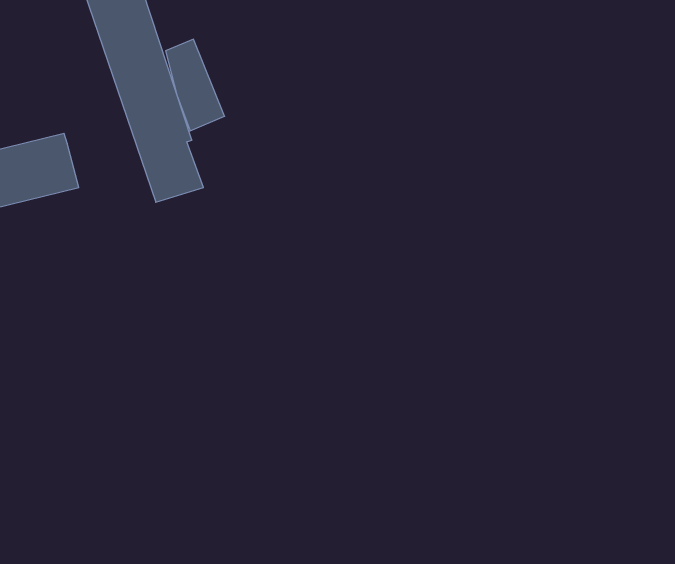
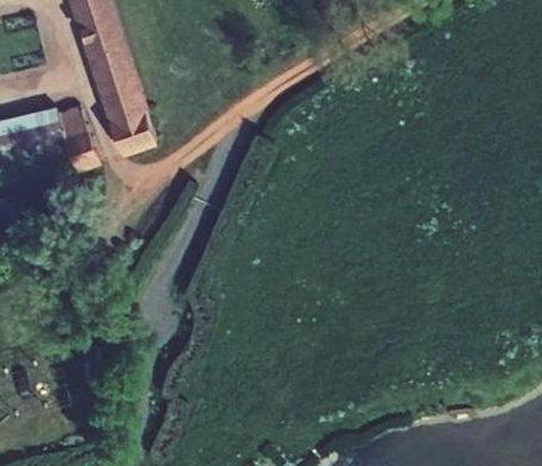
building: [166,39,225,131] -> [56,105,99,171]

